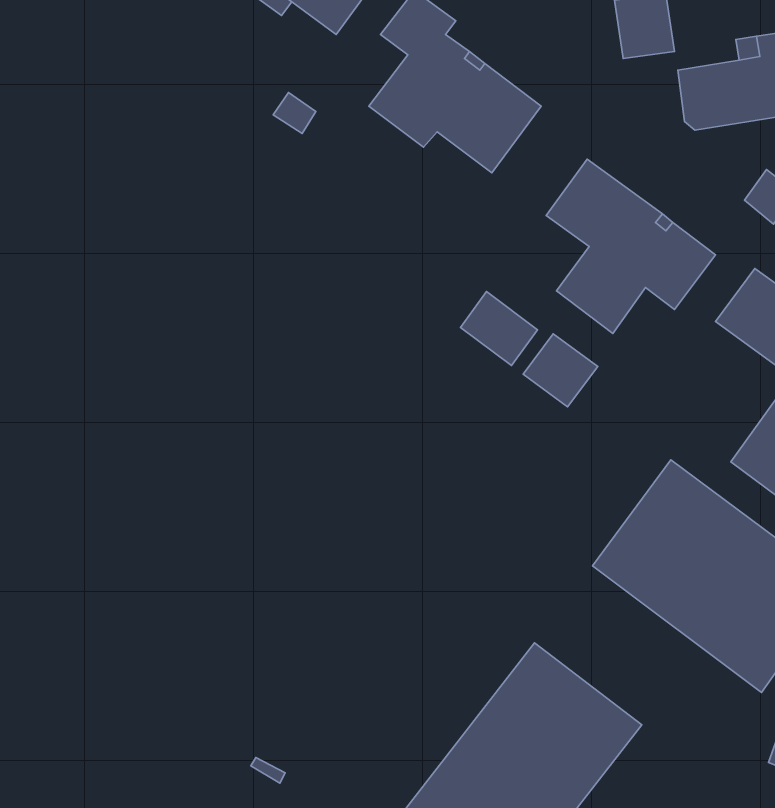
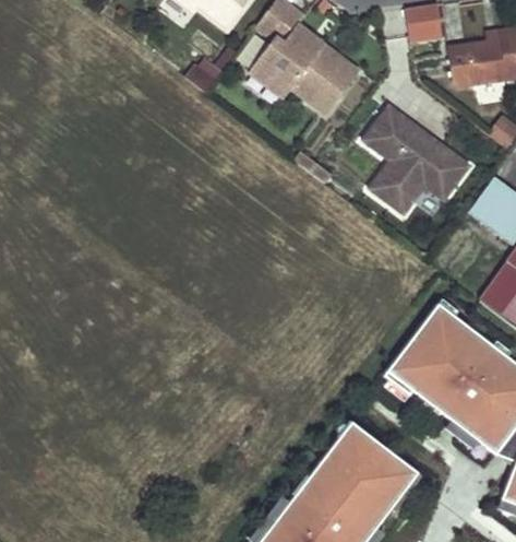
building: [460,291,537,366] -> none
building: [523,334,598,407] -> none

